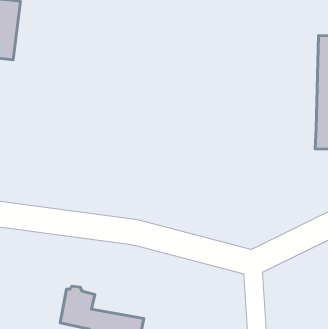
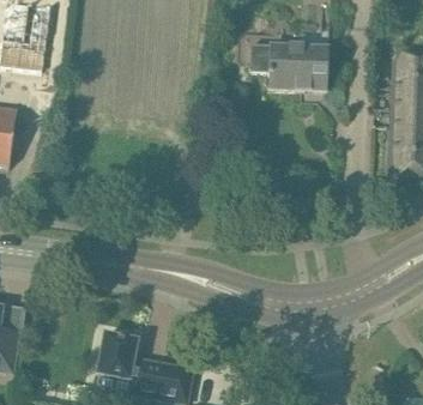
building: none -> [249,41,328,91]

